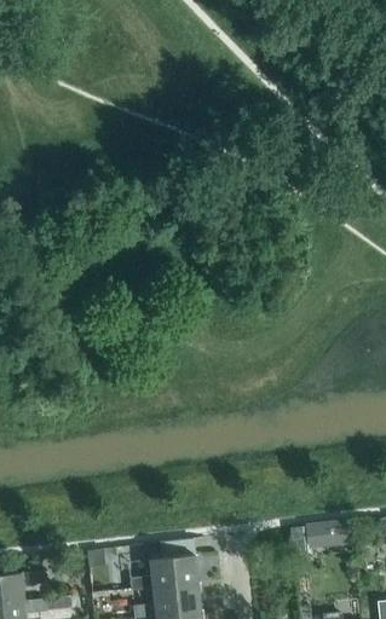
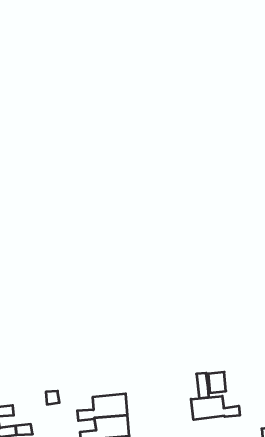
building: none -> [191,396,240,420]

